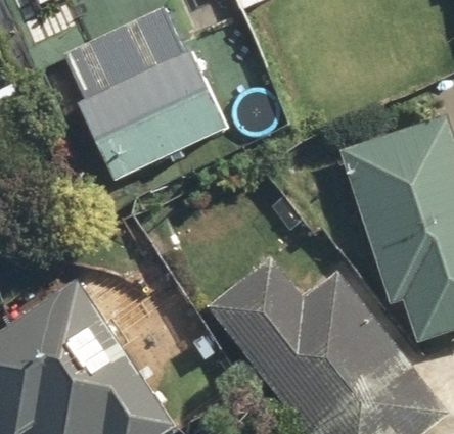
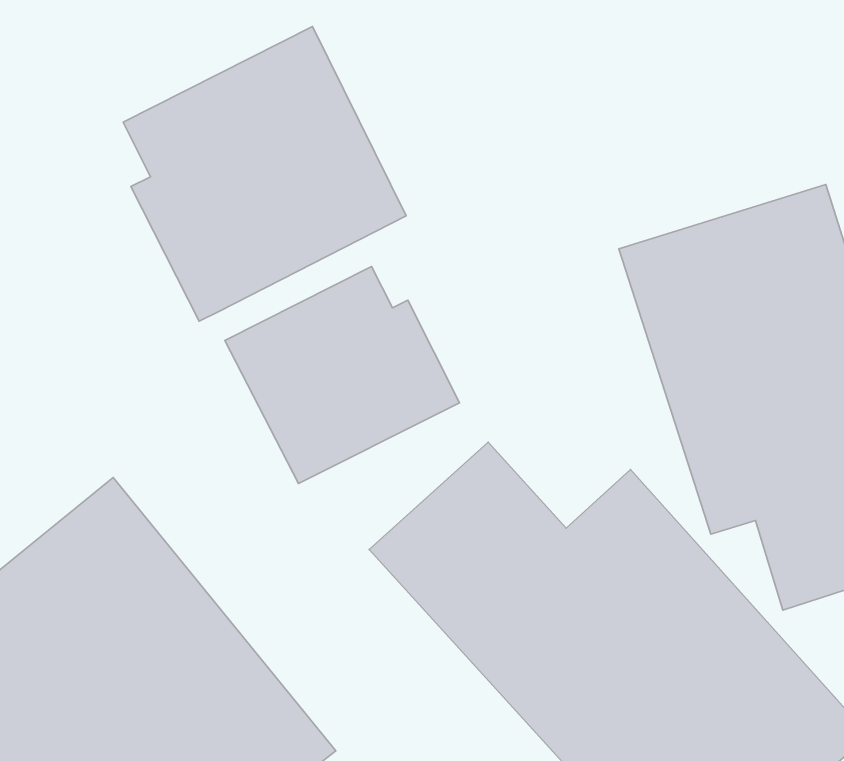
building: none -> [225,266,459,483]

